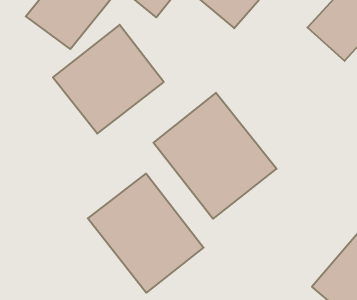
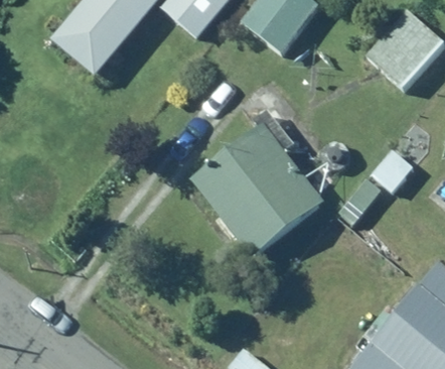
building: [53,25,164,134] -> none
building: [88,174,204,293] -> none

